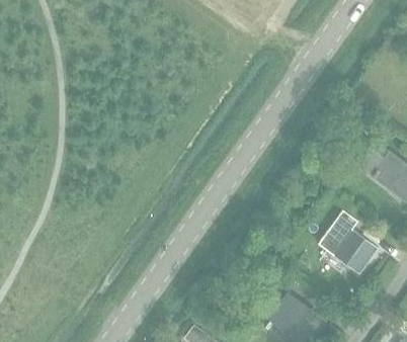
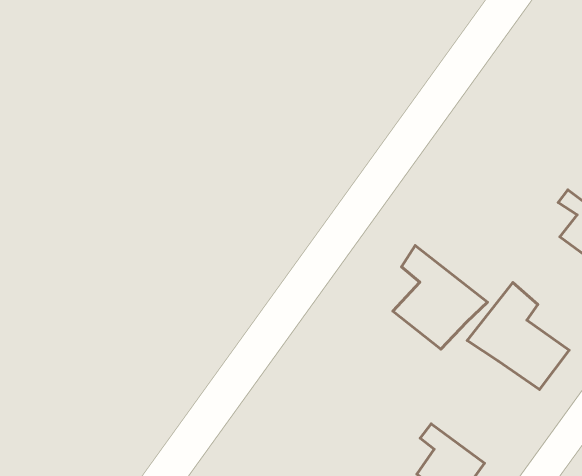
building: none -> [393,246,487,349]

